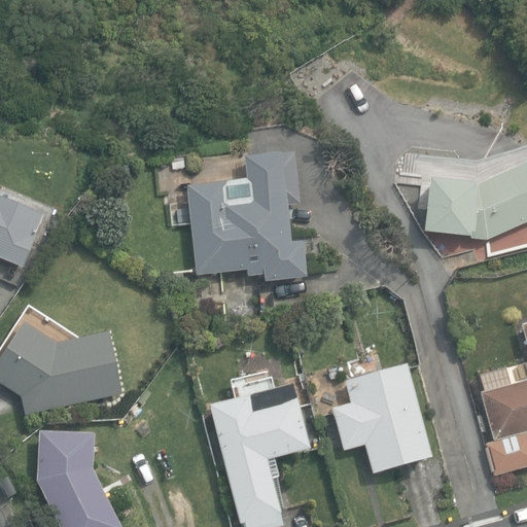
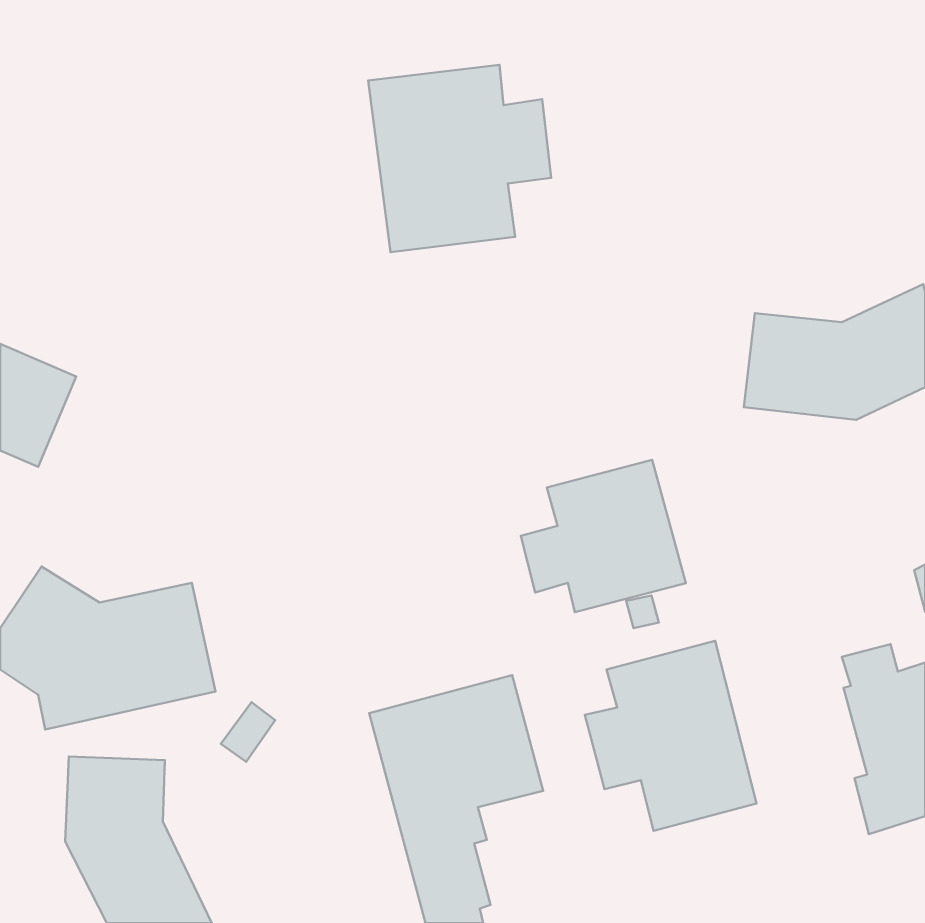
building: none -> [368,65,551,252]
building: [185,153,307,280] -> none
building: none -> [521,460,686,612]

